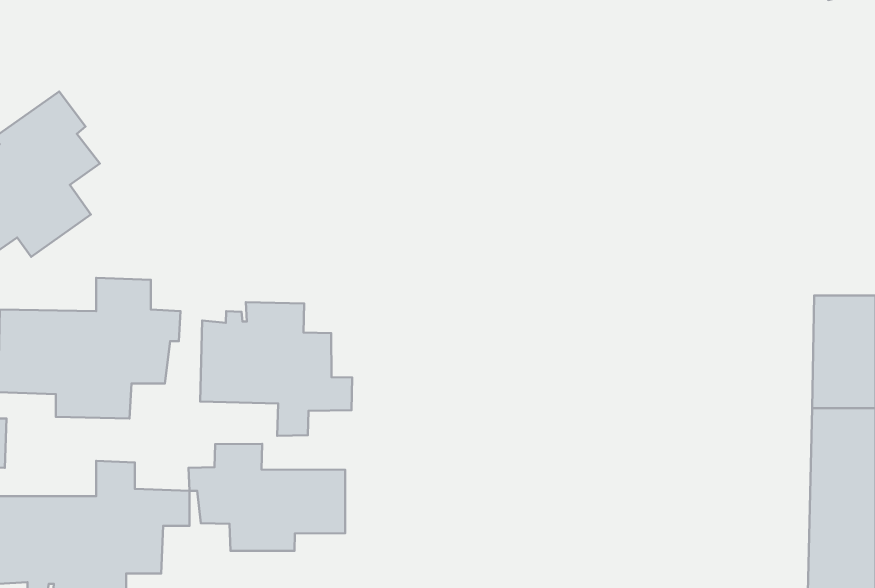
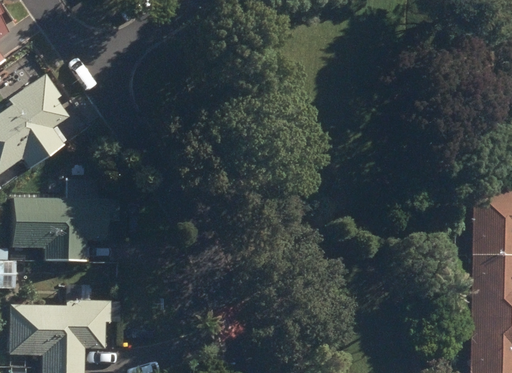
building: [200,302,352,436] -> none
building: [189,444,345,551] -> none

